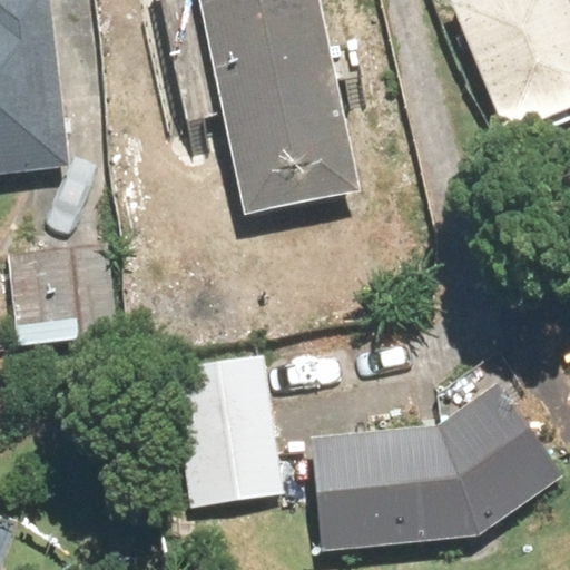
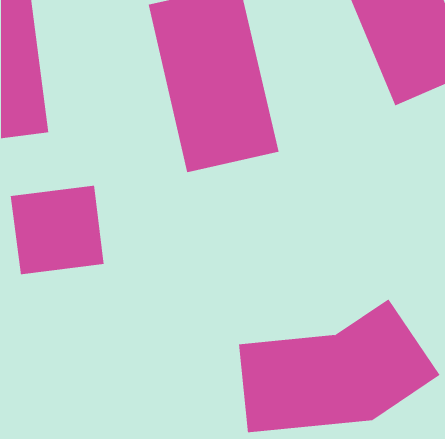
building: [169,340,292,505] -> none

